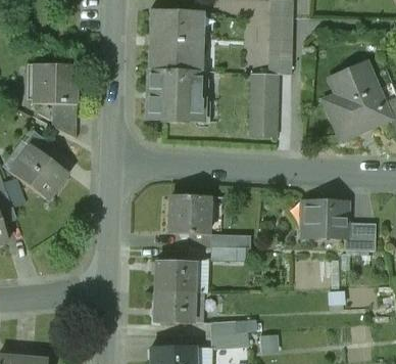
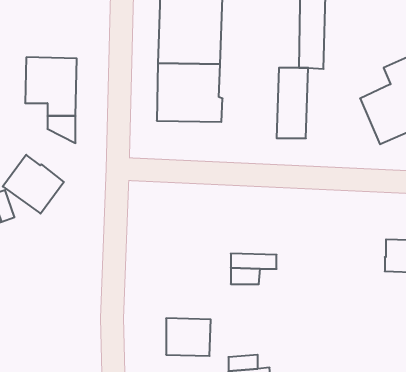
building: [170,194,208,234] -> none
building: [304,200,347,237] -> none
building: [155,260,195,291] -> none

